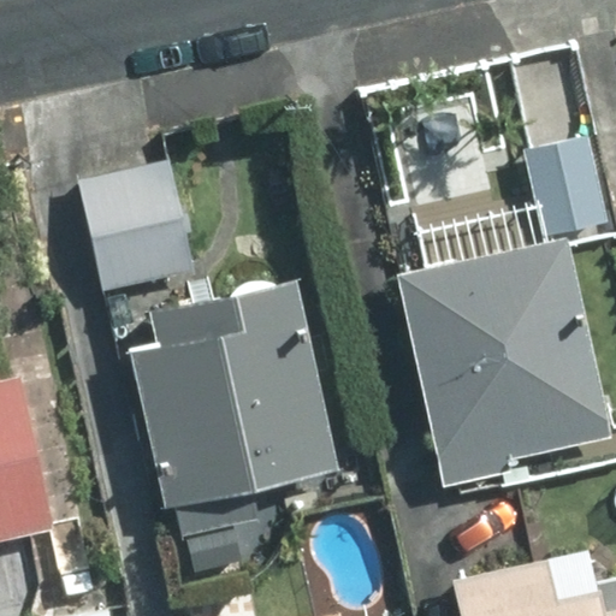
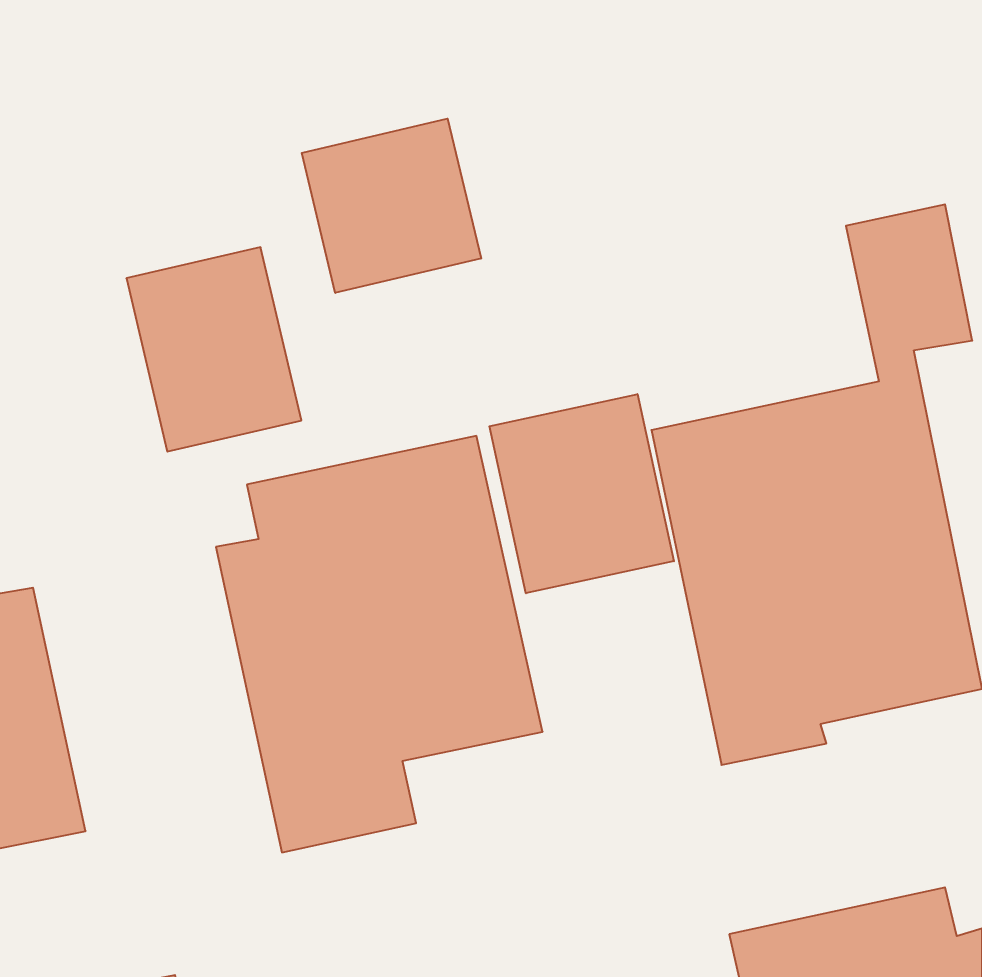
building: none -> [302,119,481,293]
building: none -> [489,394,674,593]

